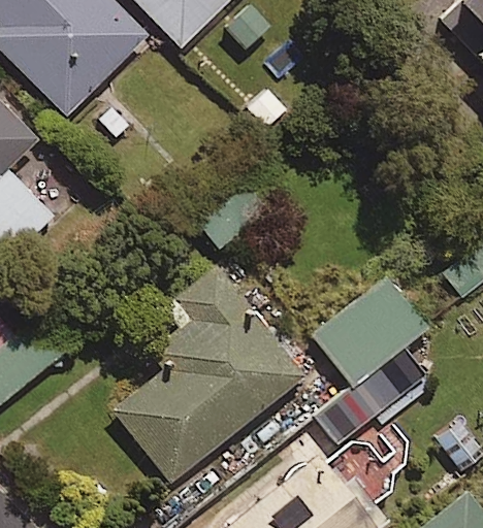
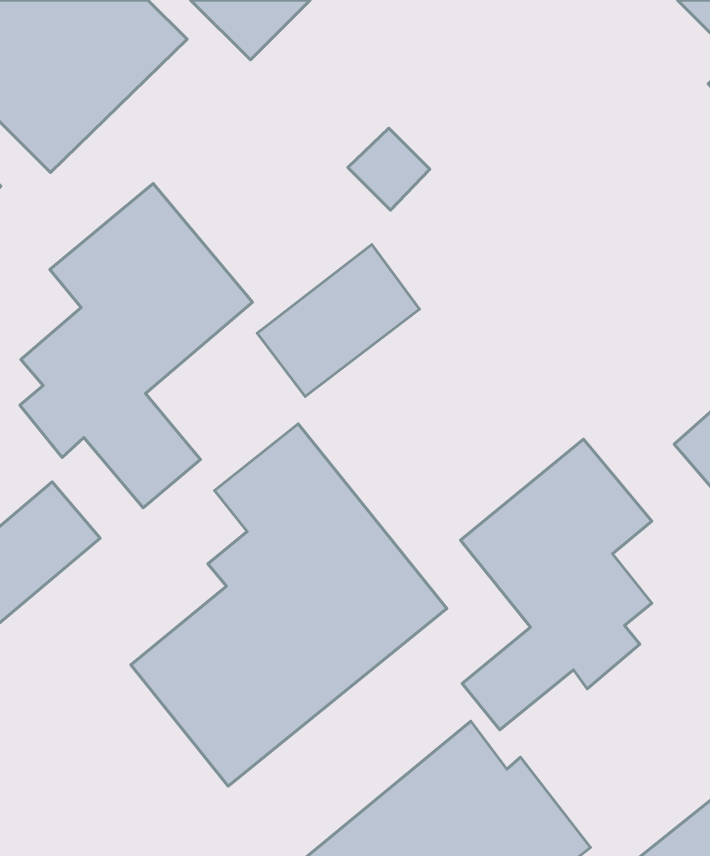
building: none -> [20,184,253,508]

